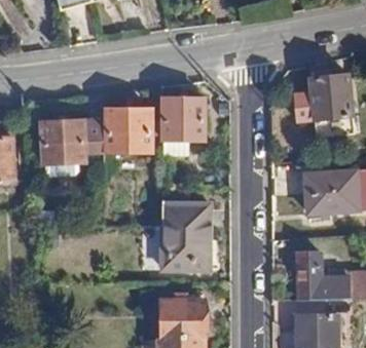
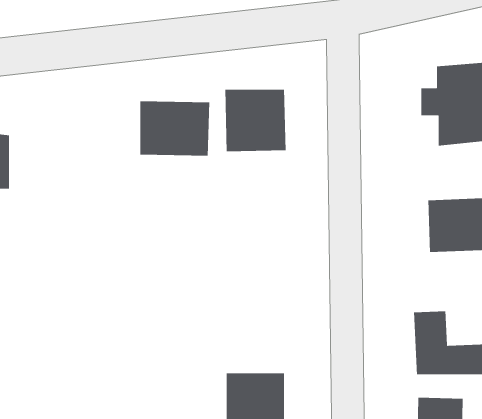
building: [42,118,101,161] -> none
building: [163,202,209,267] -> none

